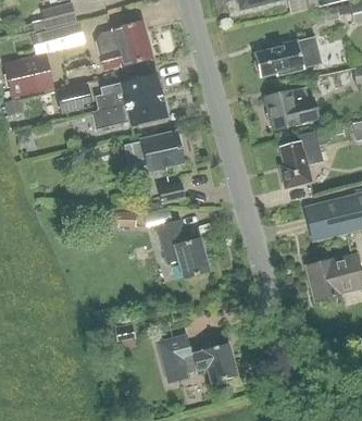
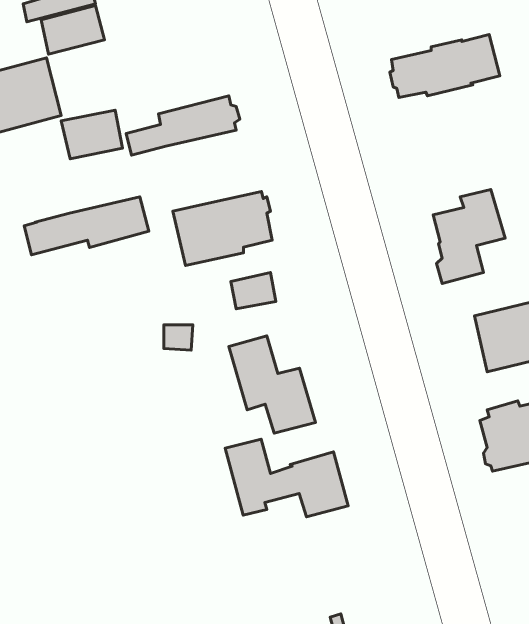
building: [95,21,153,70] -> none
building: [266,86,320,129] -> none
building: [92,95,167,129] -> [24,197,149,255]
building: [163,335,237,382] -> [225,439,348,517]

